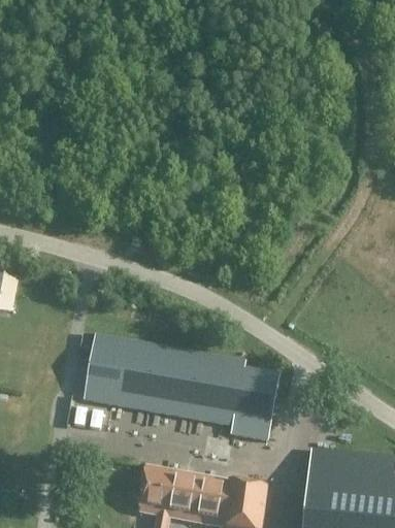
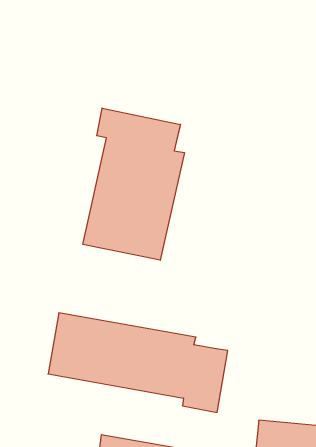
building: none -> [83,108,184,260]

